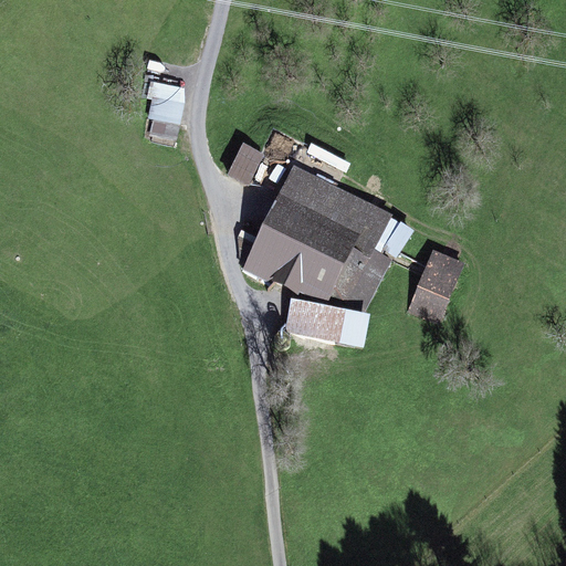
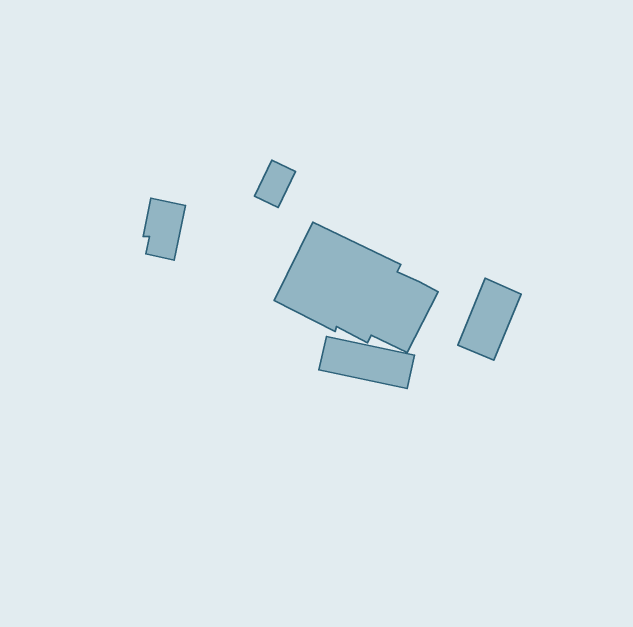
building: [147,81,185,136] -> [143,198,185,260]
building: [279,165,392,251] -> none

